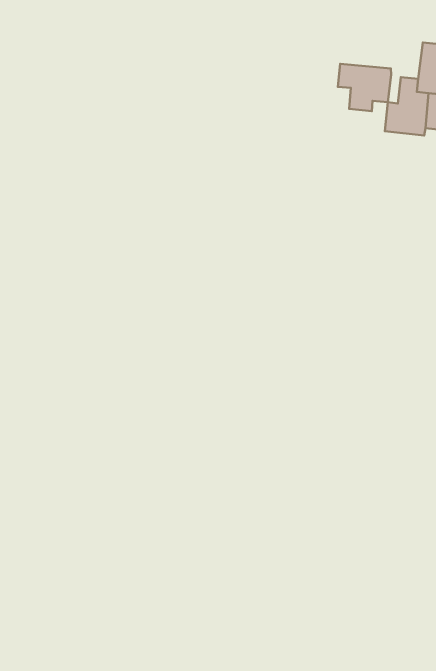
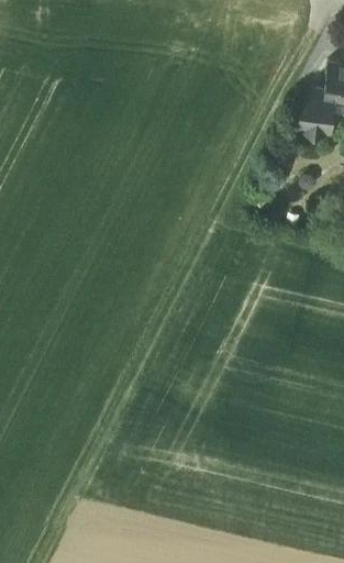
building: [338,64,391,111] -> none

